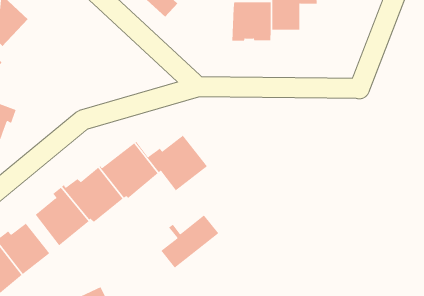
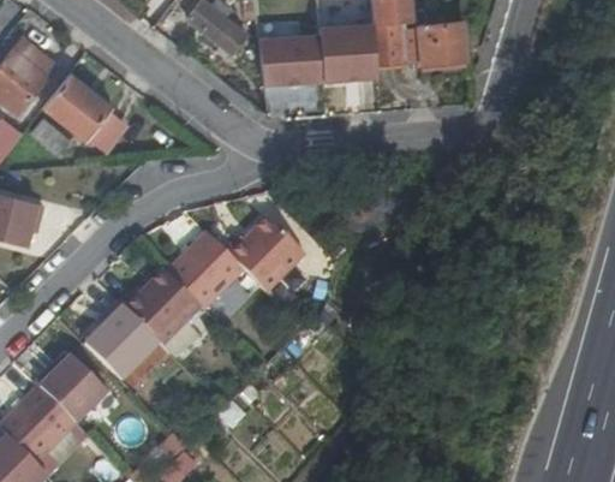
building: none -> [410,19,462,63]
building: none -> [262,38,323,89]
building: none -> [43,81,111,145]
building: [161,214,219,269] -> none

